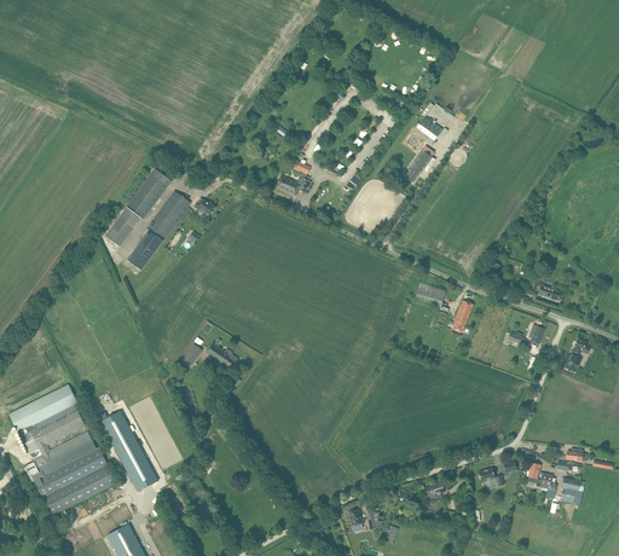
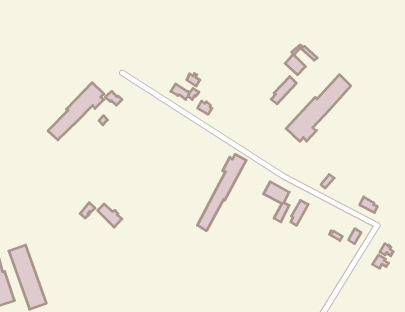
building: none -> [286,75,351,141]
building: [105,168,172,247] -> none
building: none -> [197,154,246,231]

